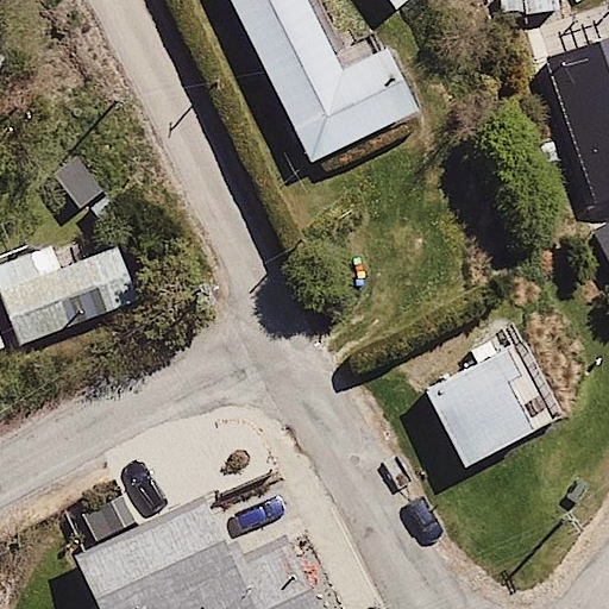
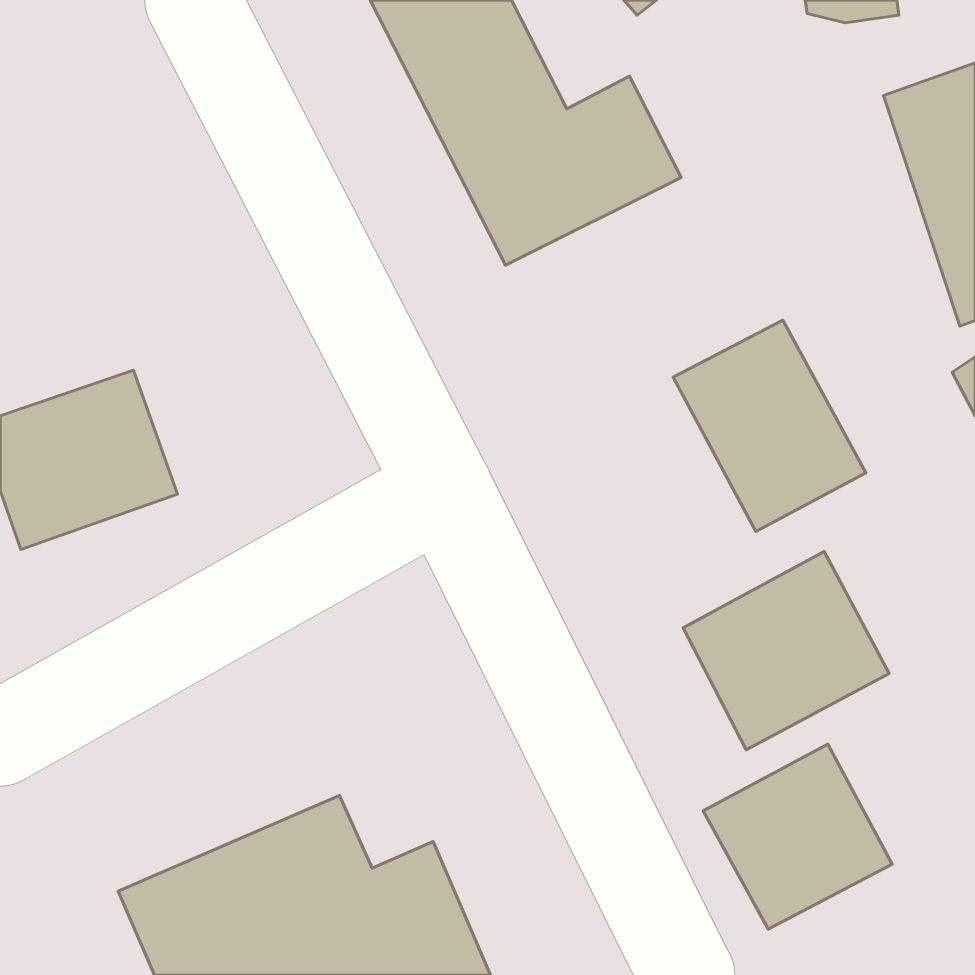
building: none -> [673,320,866,532]
building: none -> [703,744,892,929]

